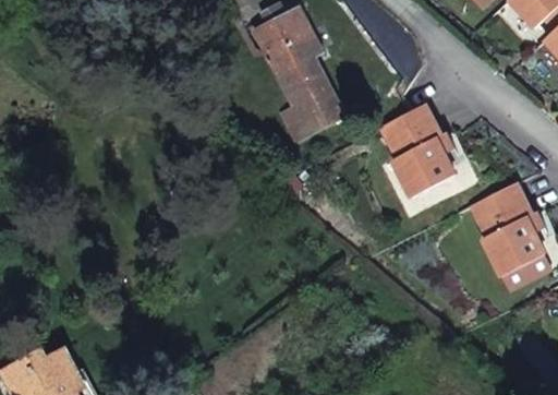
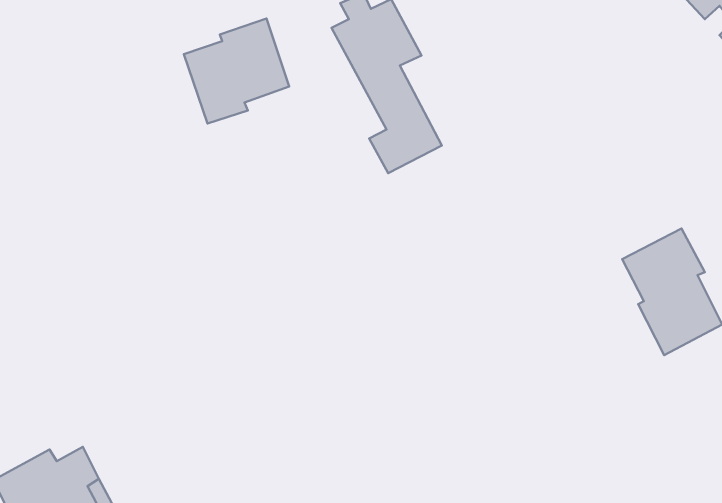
building: none -> [184,18,289,123]
building: [381,105,456,198] -> none

